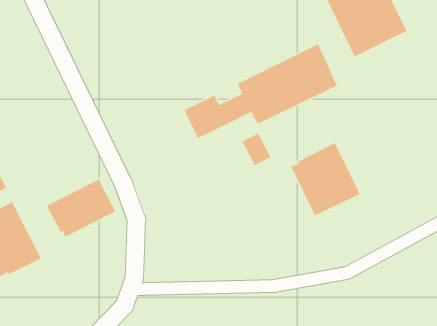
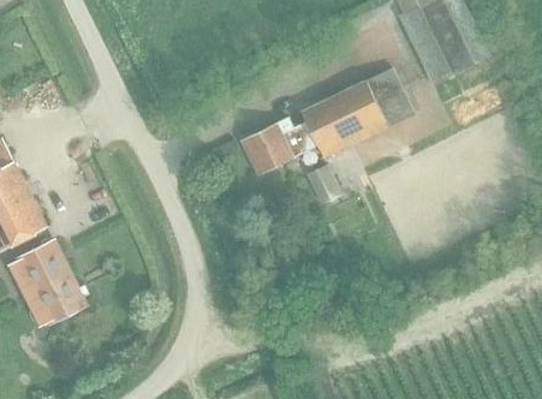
building: [290,142,361,217] -> none
building: [46,178,116,238] -> none

